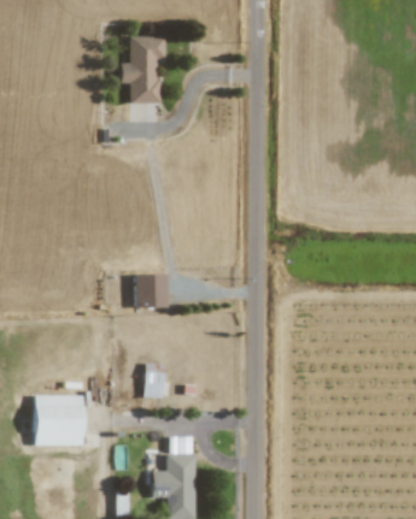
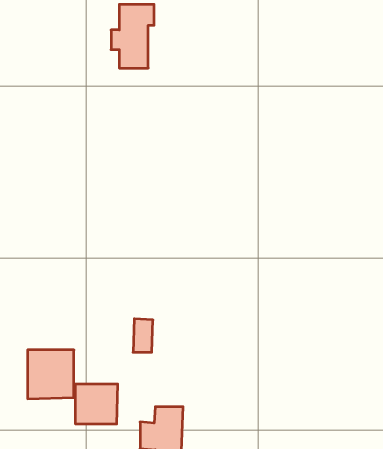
building: [135,273,168,307] -> none
building: none -> [76,384,118,424]

